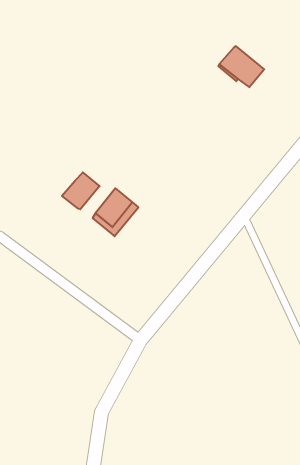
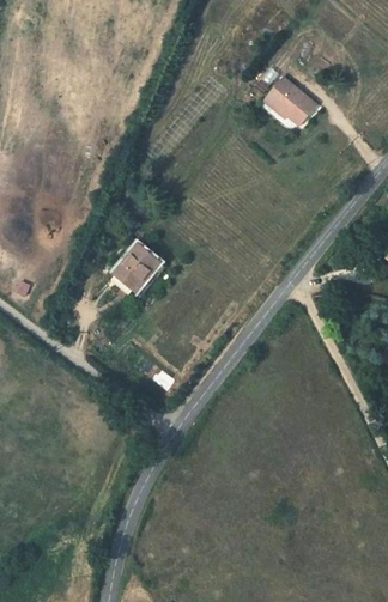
building: [62,172,100,209] -> none

